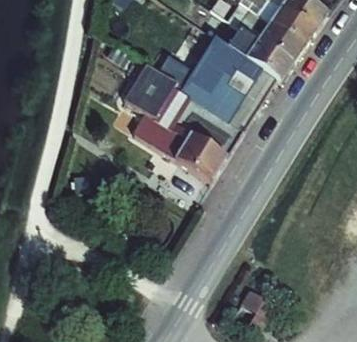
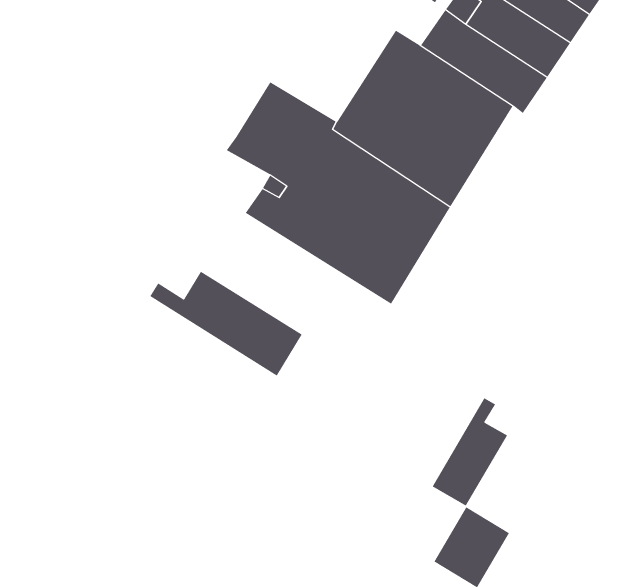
building: none -> [150,271,303,376]
building: none -> [432,398,508,506]

